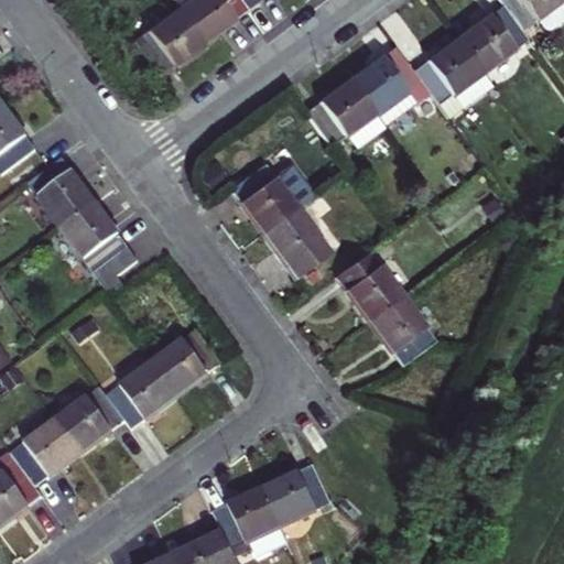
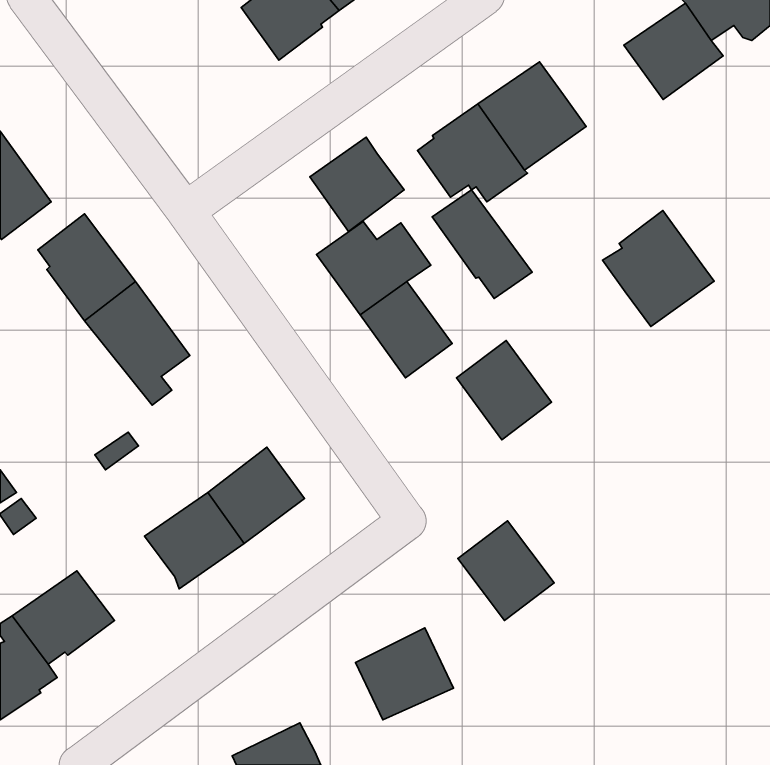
building: [133,6,204,75] -> none
building: [412,33,494,118] -> [603,210,714,326]
building: none -> [310,137,404,232]
building: none -> [432,190,532,299]
building: [367,294,437,367] -> [458,521,554,620]
building: [56,386,128,454] -> none
building: [210,485,280,550] -> none

